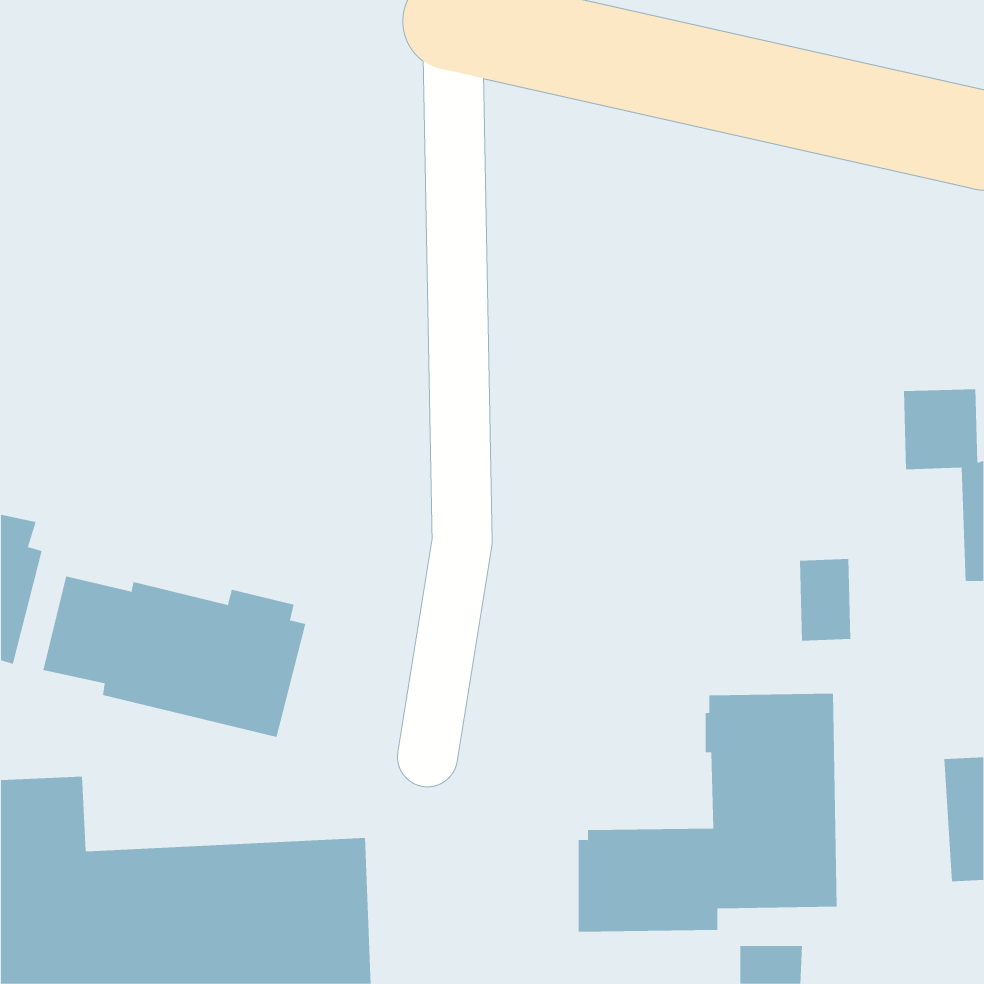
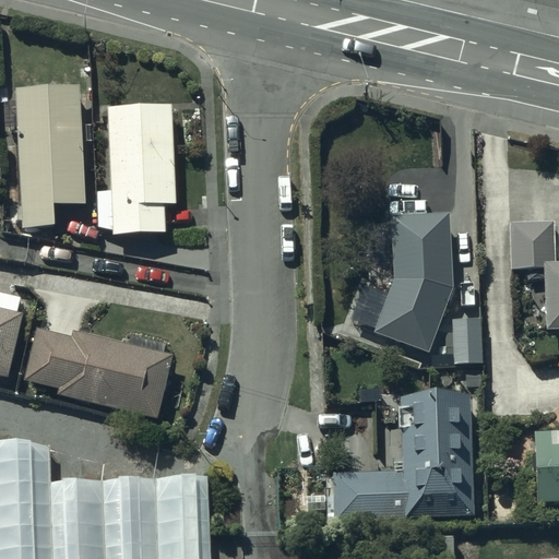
building: none -> [15,84,85,227]
building: none -> [96,99,178,234]
building: none -> [350,206,473,350]

